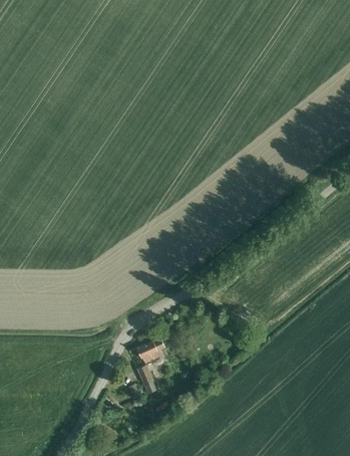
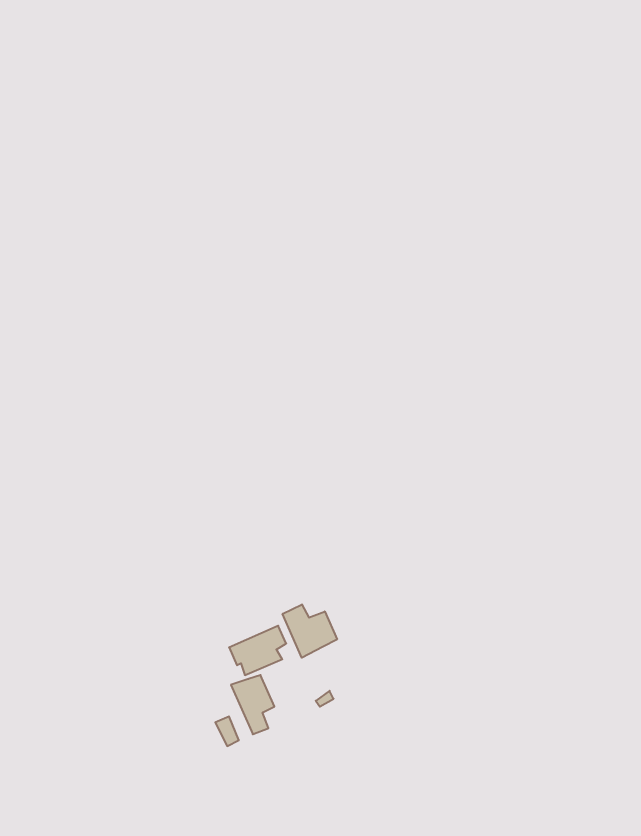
building: none -> [283,604,337,658]

